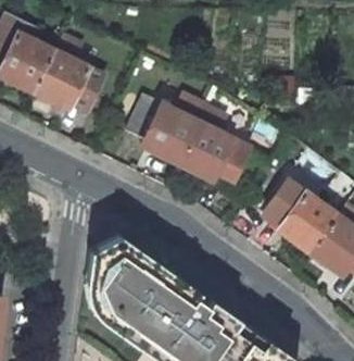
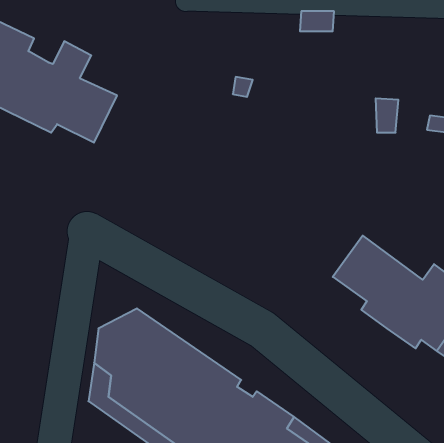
building: [126,94,251,180] -> none

